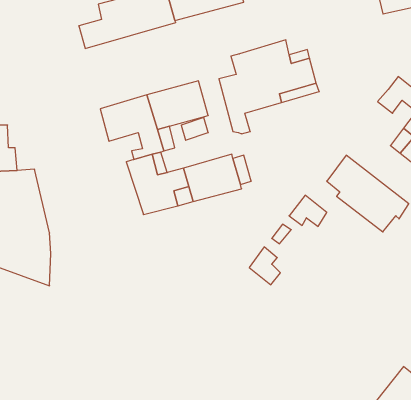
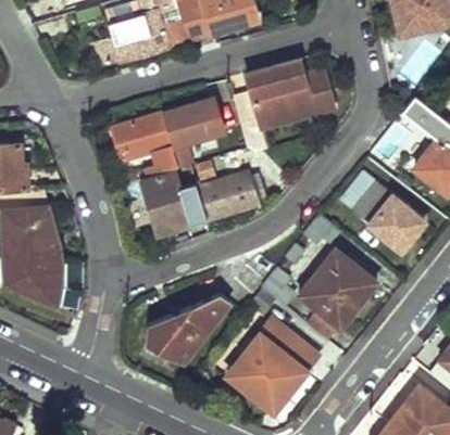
building: none -> [299,250,377,342]
building: none -> [146,295,230,364]
building: none -> [229,322,307,411]

